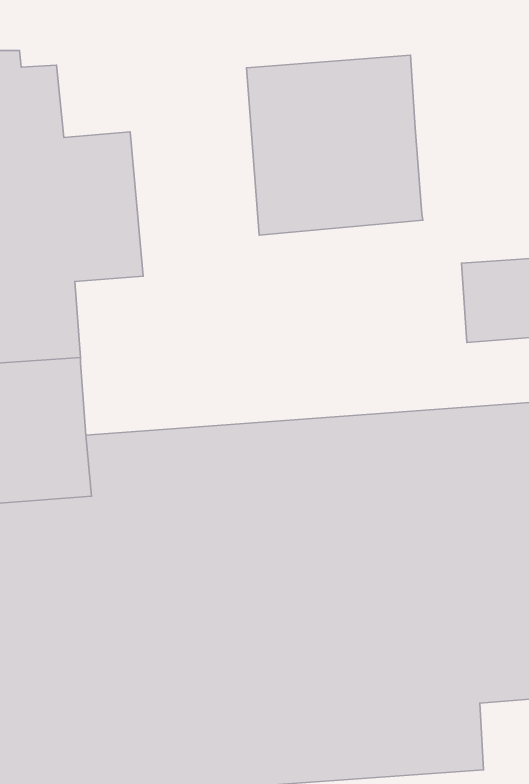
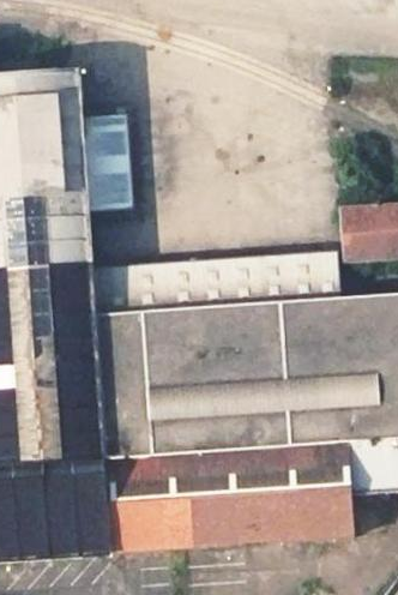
building: [246,55,423,235] -> none
building: none -> [90,250,337,317]

